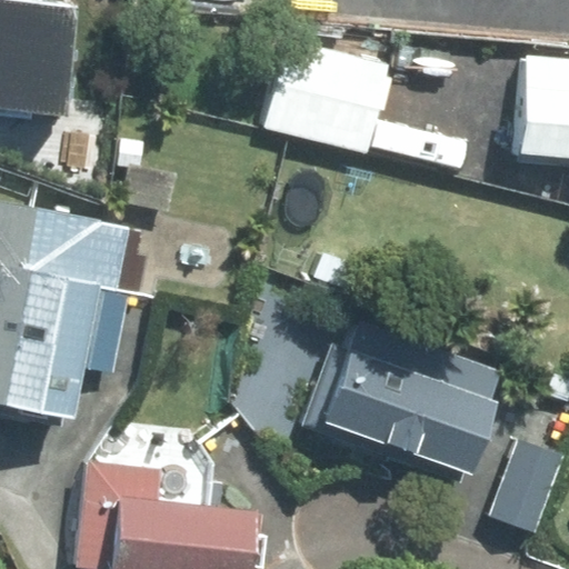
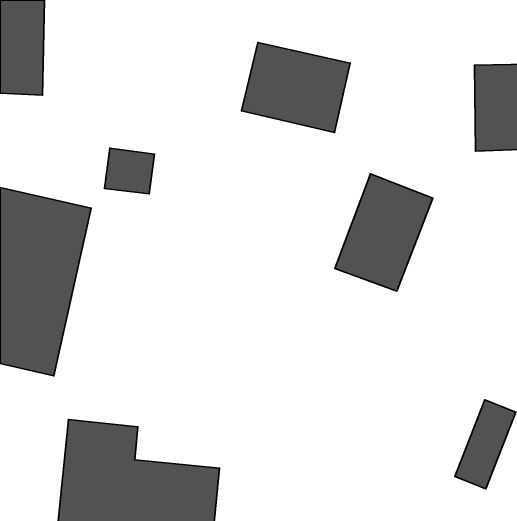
building: none -> [335,174,433,291]
building: [295,321,487,468] -> none

